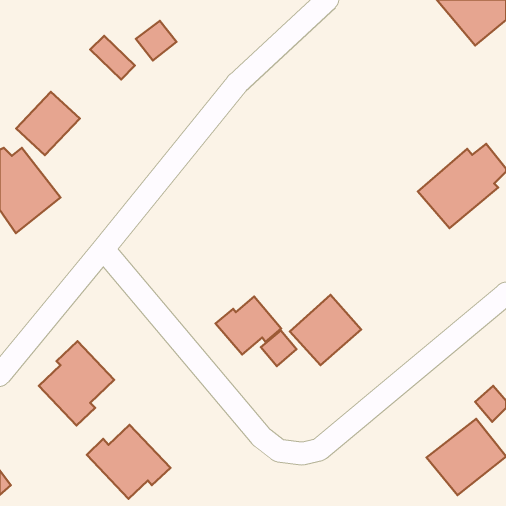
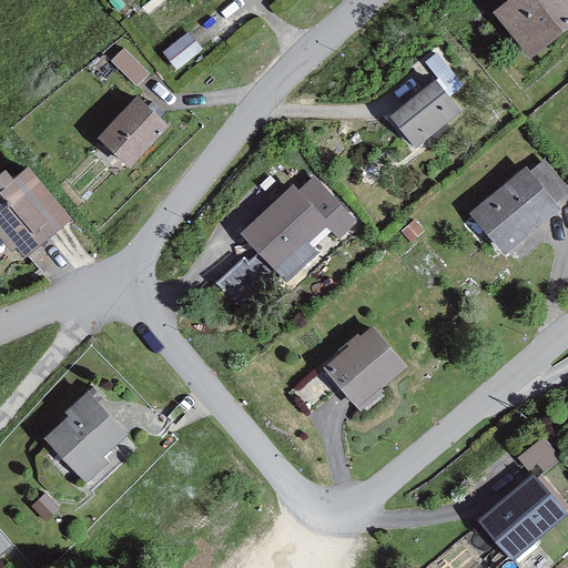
building: none -> [392,80,462,148]
building: [16,92,80,155] -> [97,100,168,171]
building: none -> [240,178,356,285]
building: [216,296,281,355] -> none
building: [87,425,170,499] -> none

